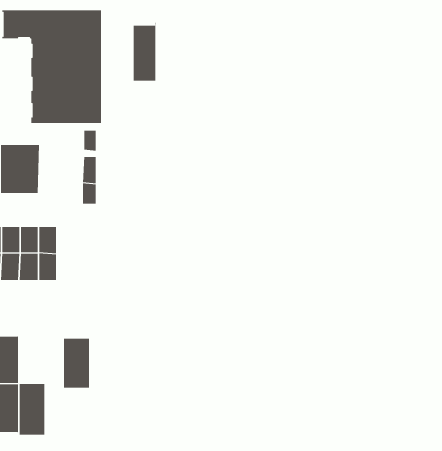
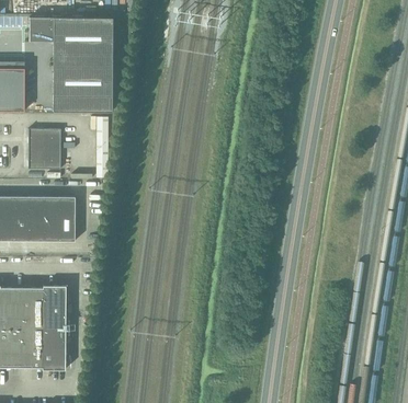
building: [133,22,156,81] -> none
building: [63,338,90,388] -> [43,286,65,327]

